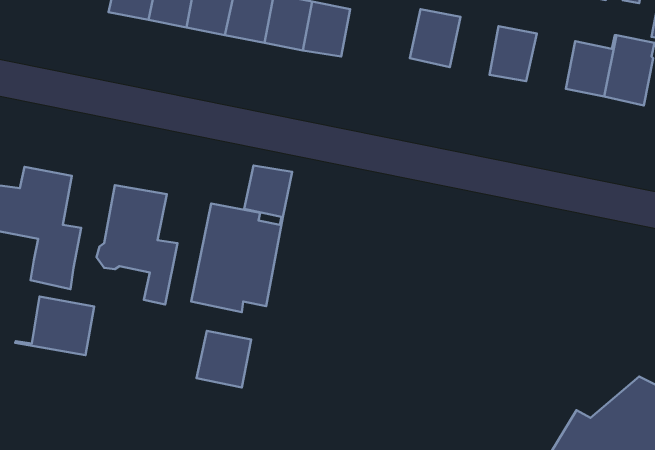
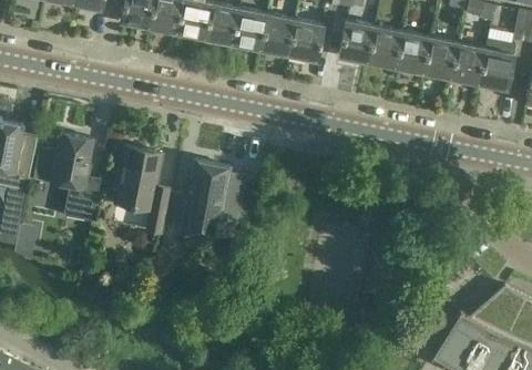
building: none -> [289,20,325,61]
building: none -> [368,25,403,68]
building: none -> [423,38,459,78]
building: [244,166,292,217] -> none
building: [15,297,94,355] -> none
building: [197,331,251,387] -> none

